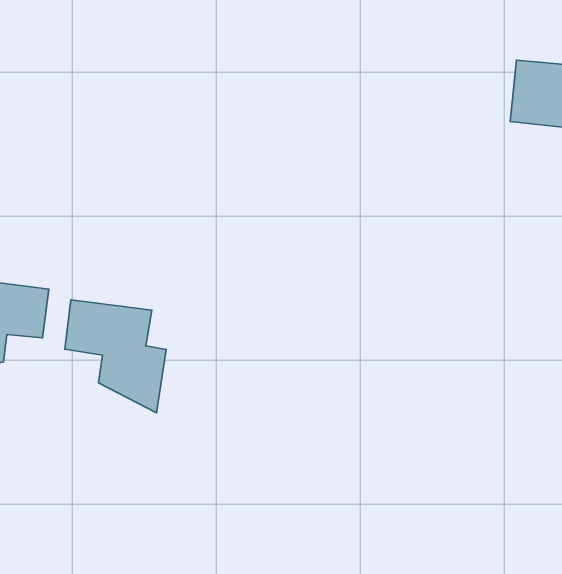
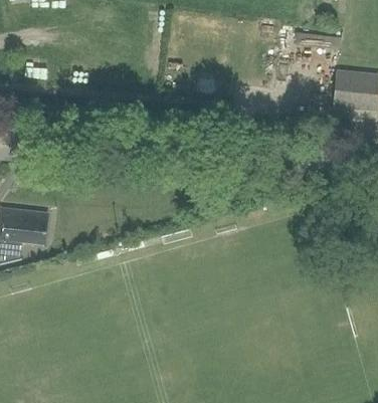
building: [65,300,166,413] -> none

